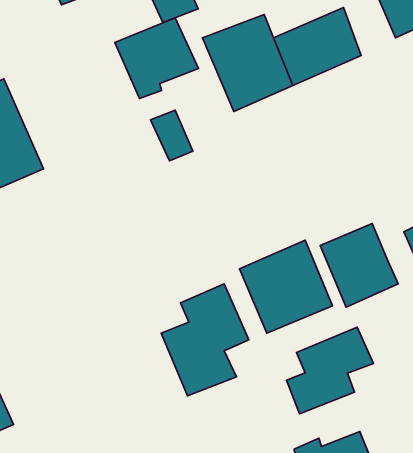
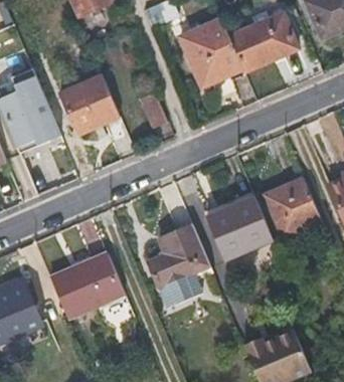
building: [115,18,198,99] -> [59,76,121,136]
building: none -> [51,249,129,316]
building: [287,327,374,414] -> none

